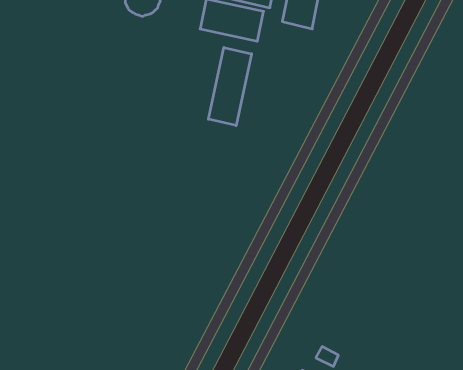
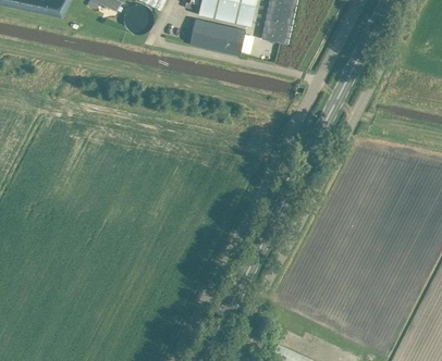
building: [208,47,252,126] -> none

